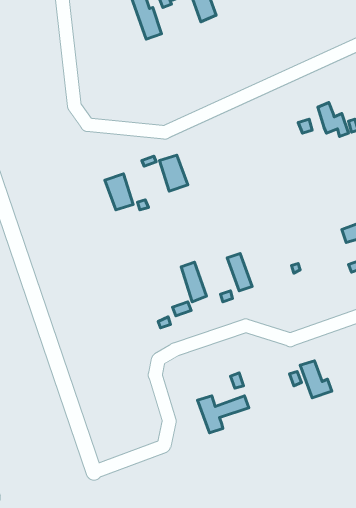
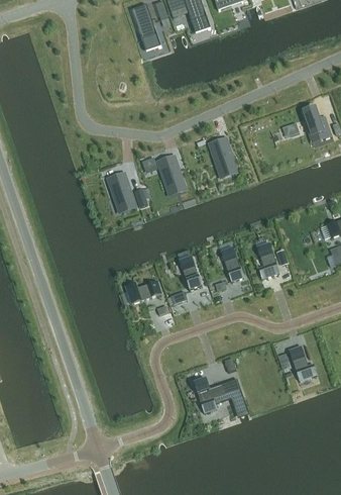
building: none -> [209,137,235,171]
building: none -> [256,241,279,279]
building: none -> [124,280,161,303]

